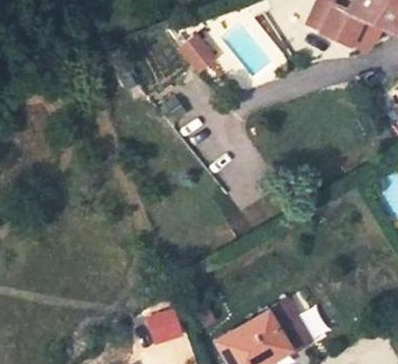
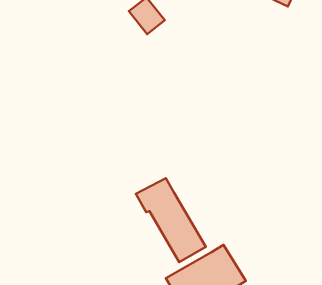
building: none -> [136,178,206,262]

